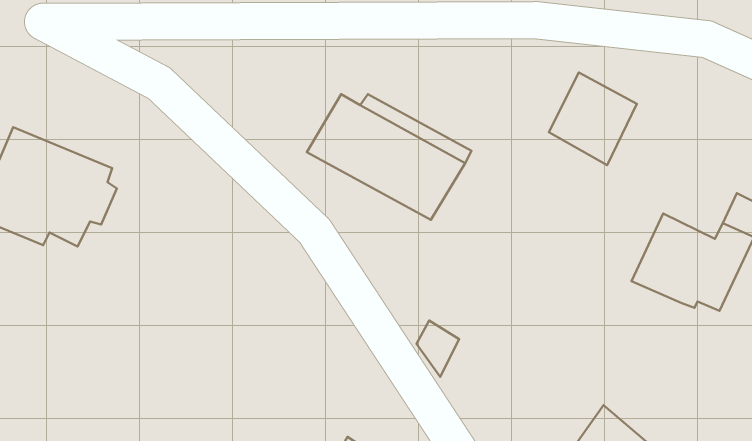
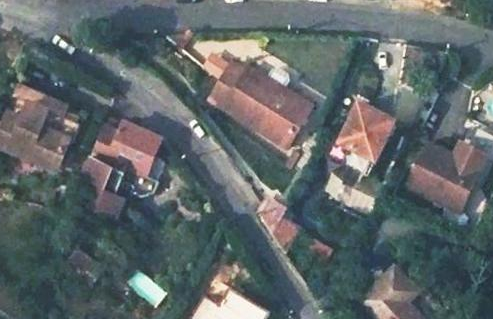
building: [549,73,637,165] -> [338,103,394,162]
building: none -> [73,117,161,212]

